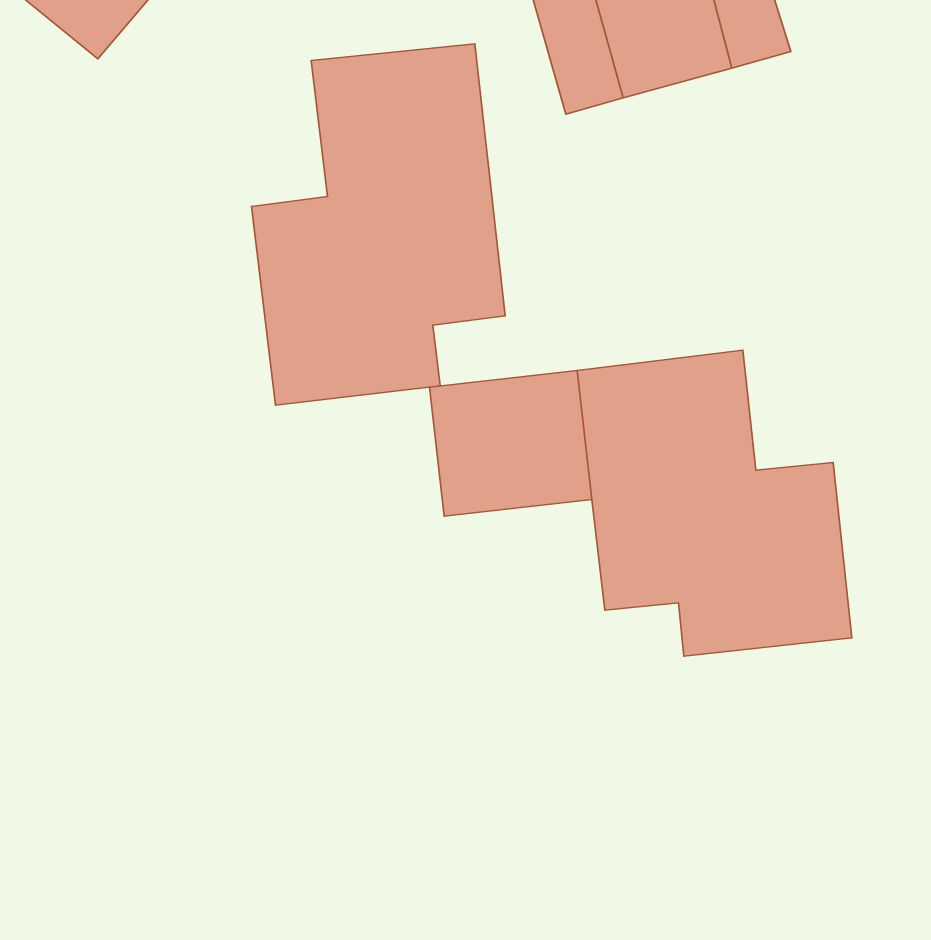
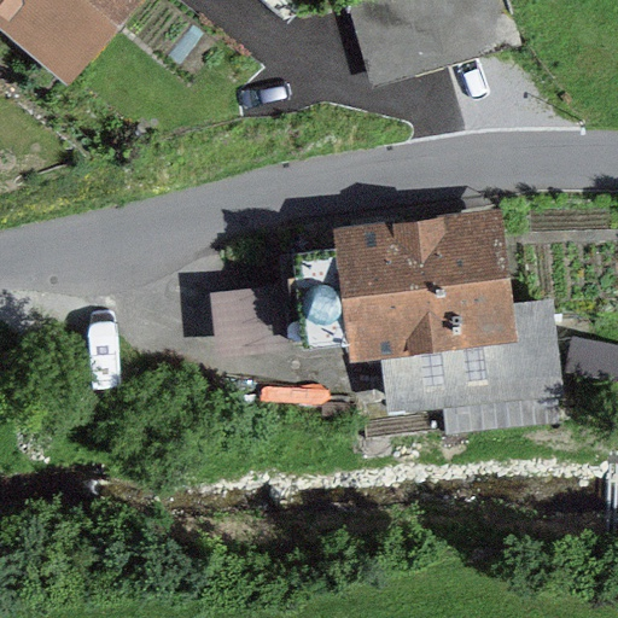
building: [252,44,505,405] -> none

